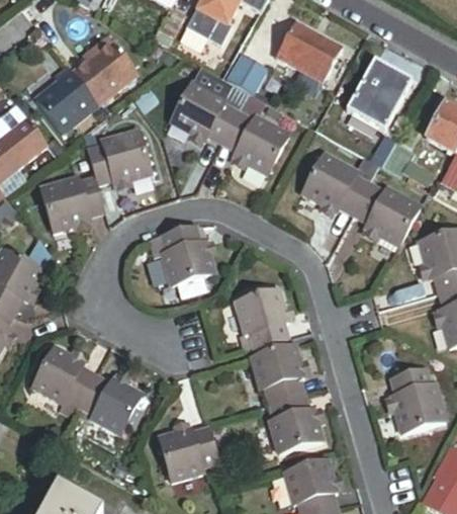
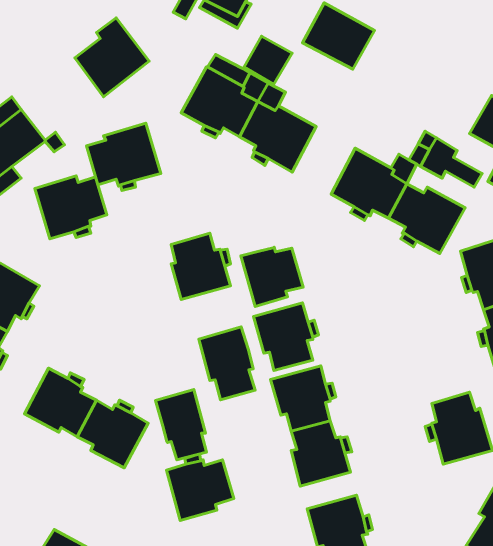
building: [346,61,410,132] -> none
building: [37,67,101,135] -> none
building: none -> [241,247,303,306]
building: none -> [199,327,255,400]
building: none -> [155,389,207,460]

